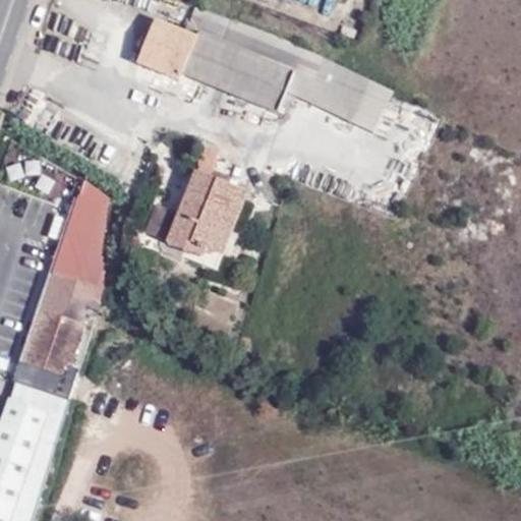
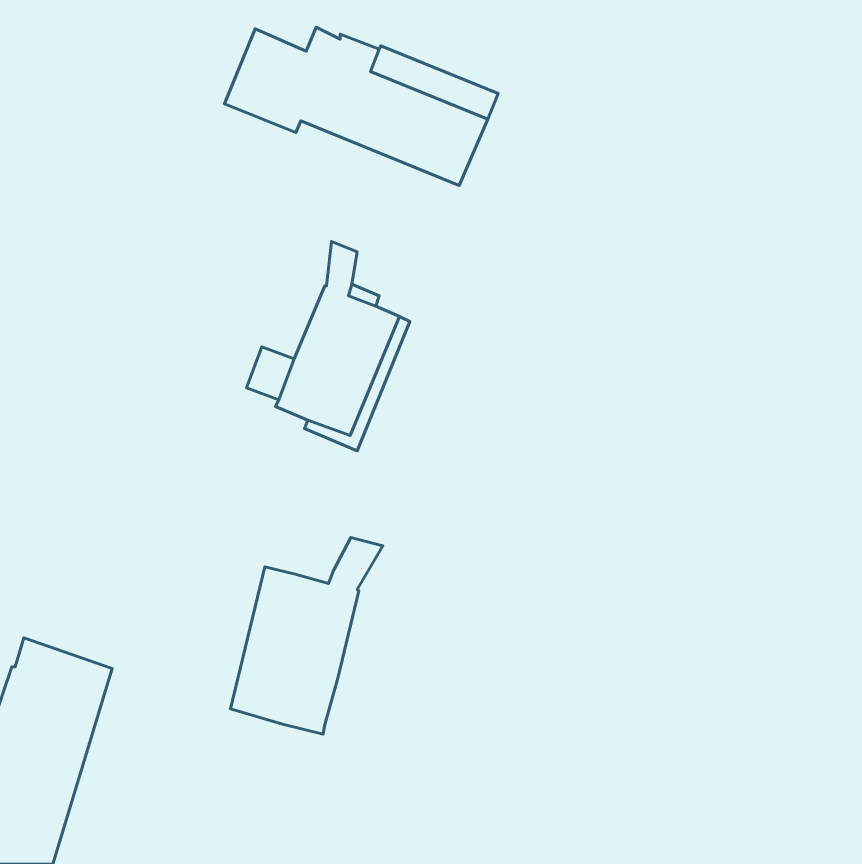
building: [14,181,102,400] -> none
building: none -> [231,538,383,734]

